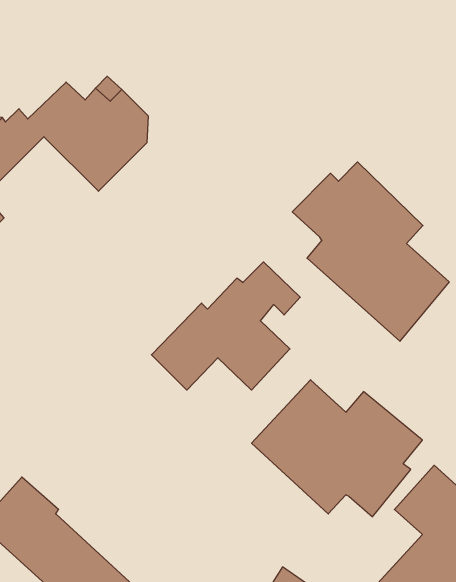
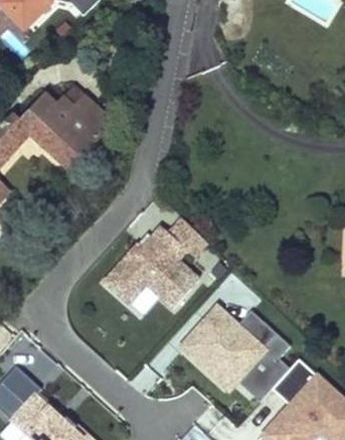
building: [292,162,449,341] -> none

